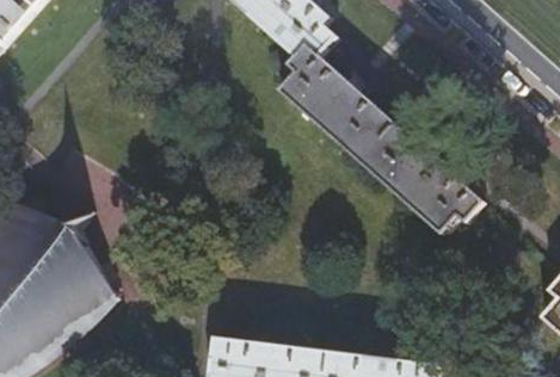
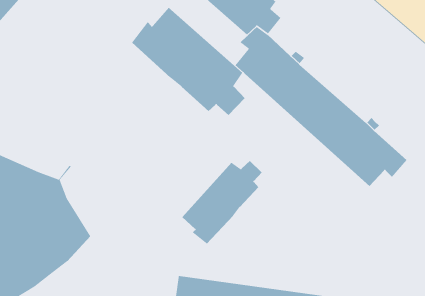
building: none -> [131,7,245,116]
building: none -> [182,160,262,245]

